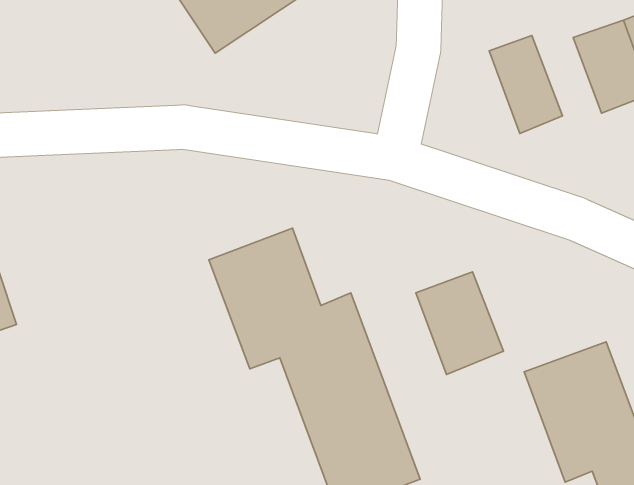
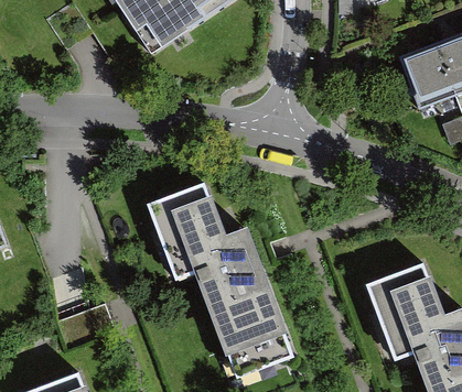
building: [489,35,563,133] -> none
building: [416,272,504,374] -> none

